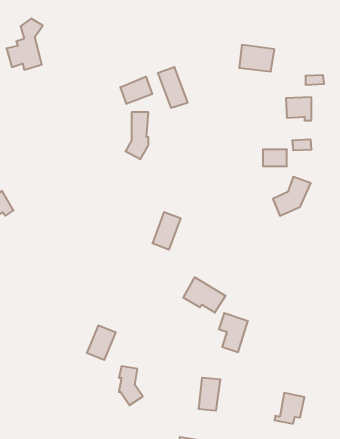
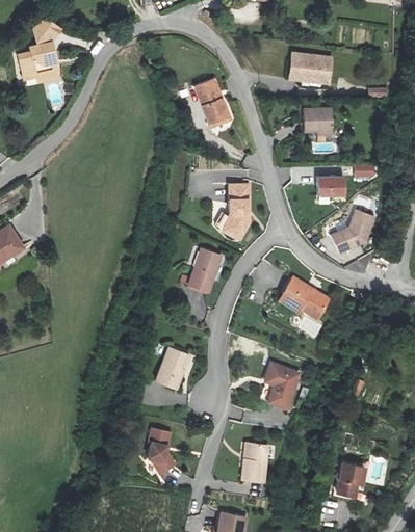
building: [120,77,152,104] -> none
building: [286,97,311,120] -> [302,108,332,135]
building: [125,112,148,159] -> [222,185,249,240]
building: [183,277,226,313] -> [279,276,329,318]
building: [87,325,116,360] -> [155,348,189,389]

